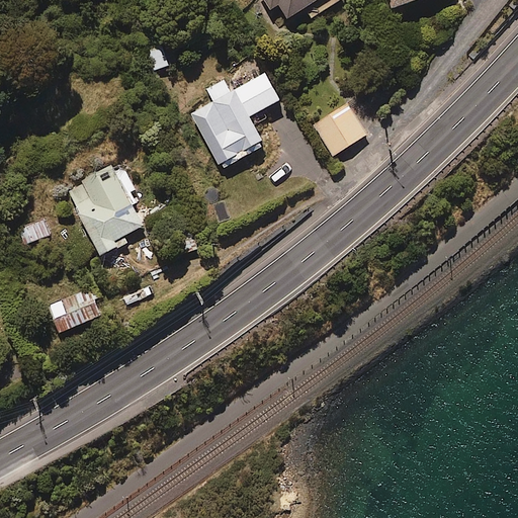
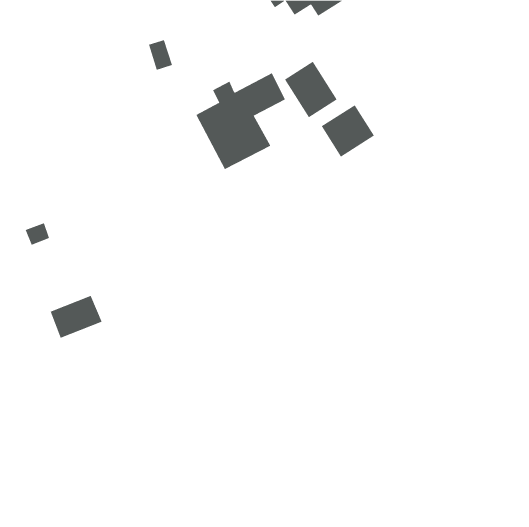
building: none -> [284,61,338,118]
building: [66,164,143,254] -> none

